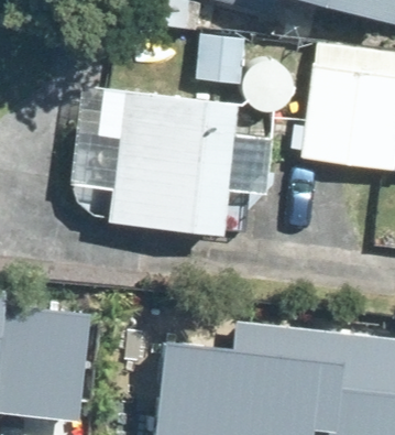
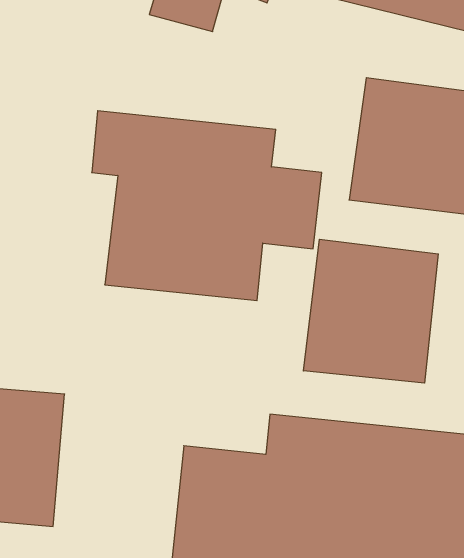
building: none -> [303,239,438,383]

